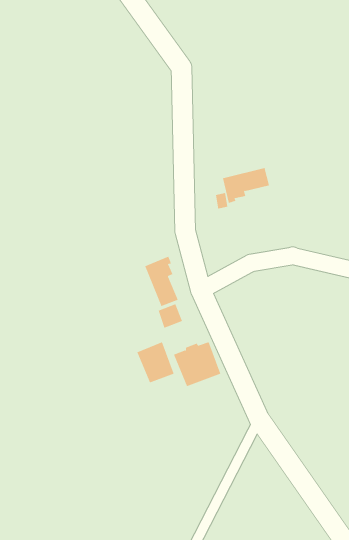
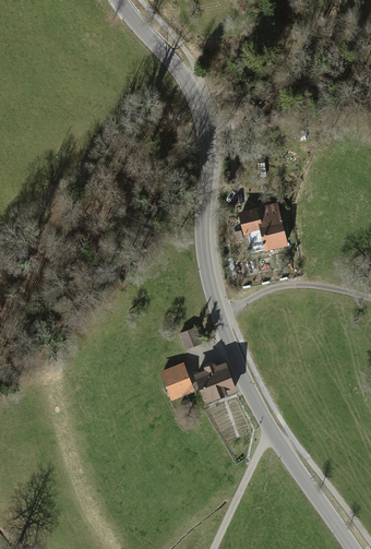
building: none -> [248,219,288,252]
building: [145,256,178,307] -> none

